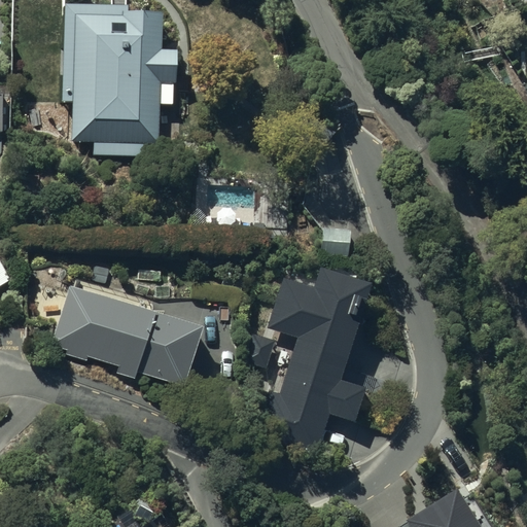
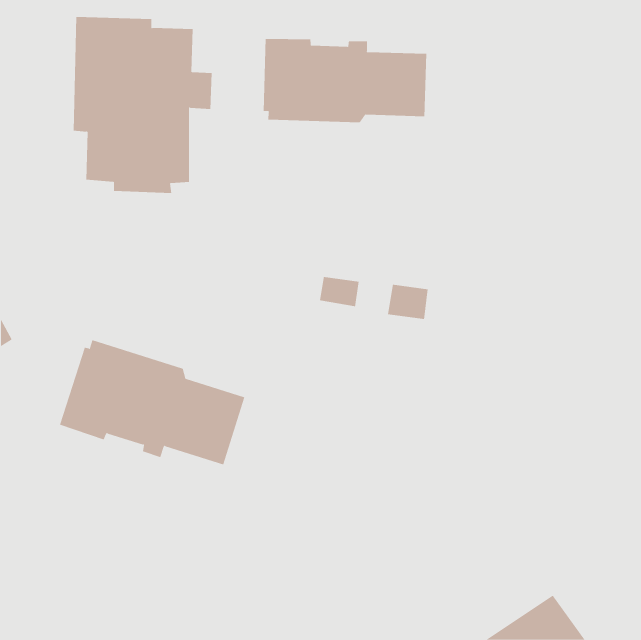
building: none -> [263,38,427,123]
building: [256,265,376,450] -> none

